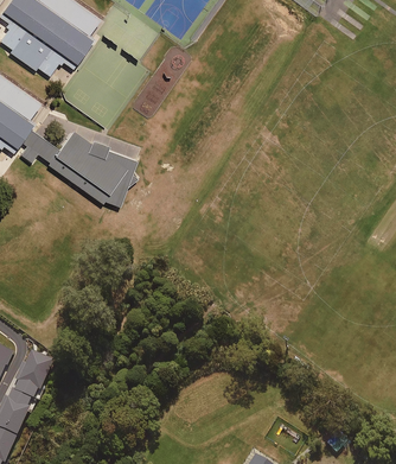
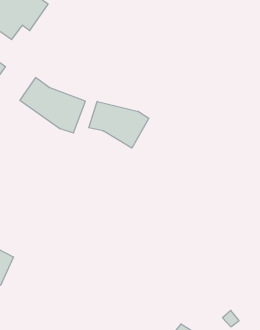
building: none -> [89,101,149,148]

